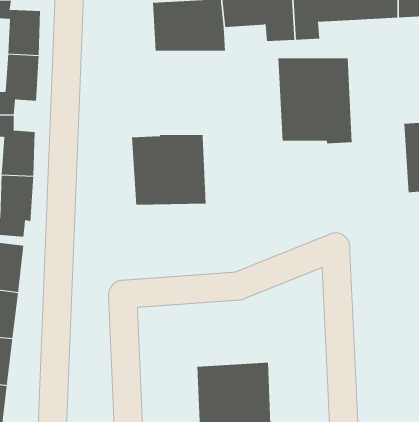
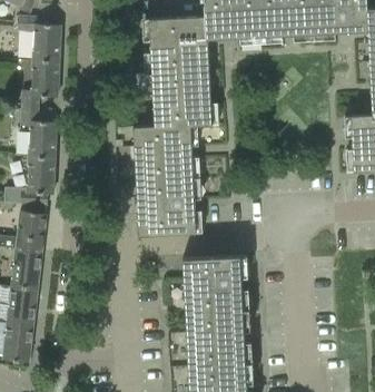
building: [278,58,353,144] -> [151,58,211,127]
building: none -> [136,180,196,236]
building: none -> [182,255,243,311]

